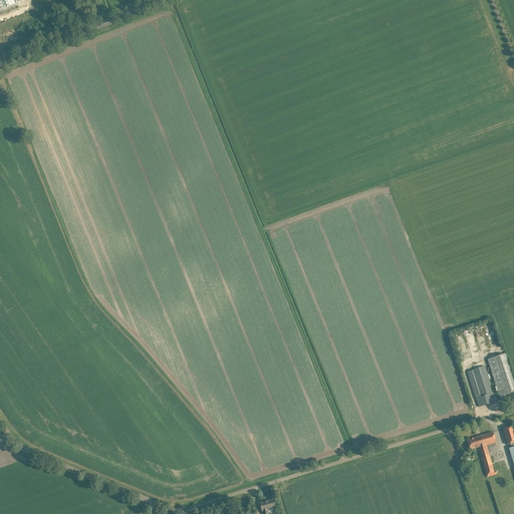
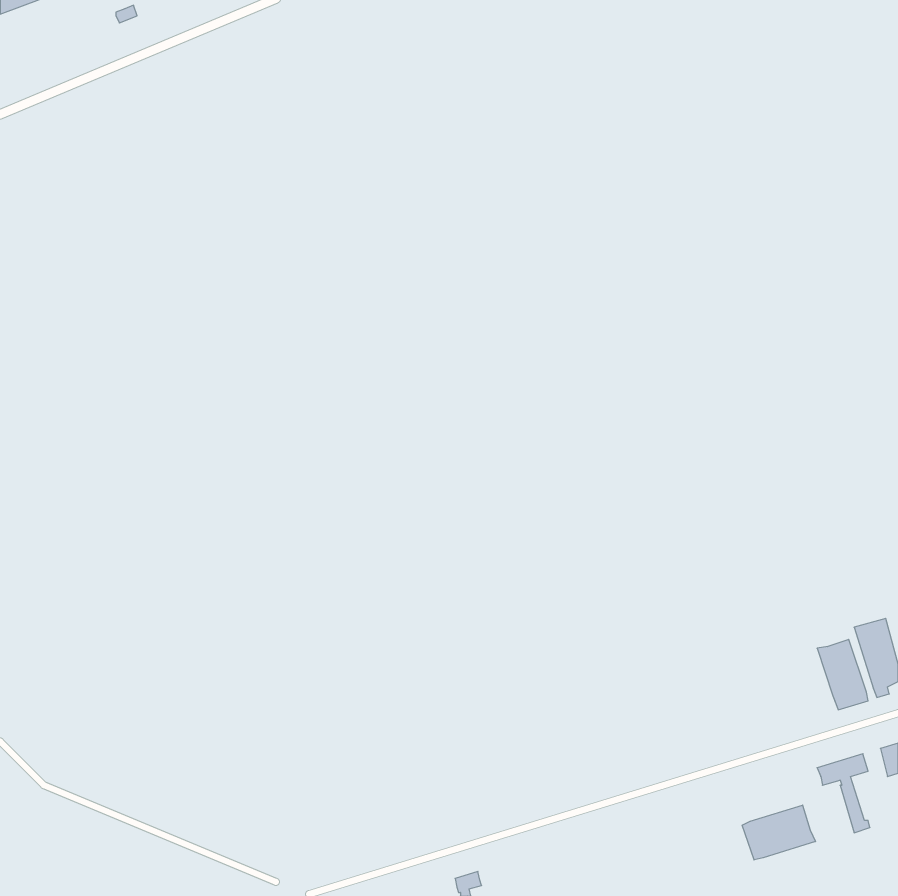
building: none -> [742,805,815,860]

